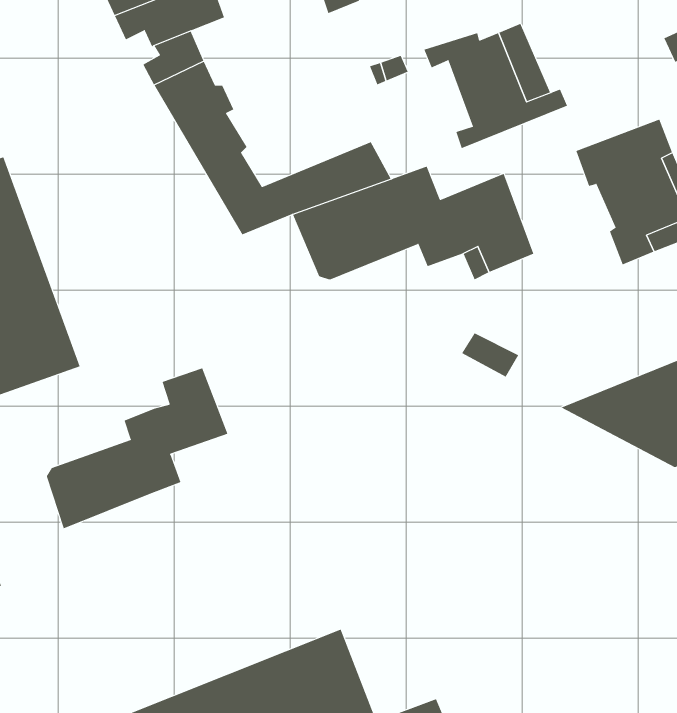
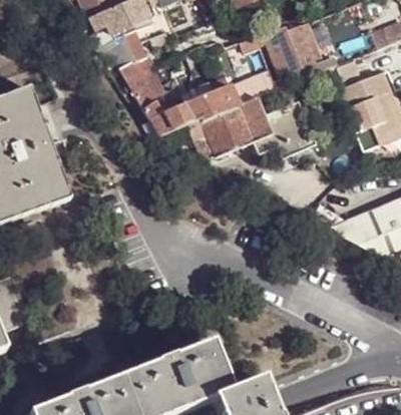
building: [46,367,228,529] -> none

